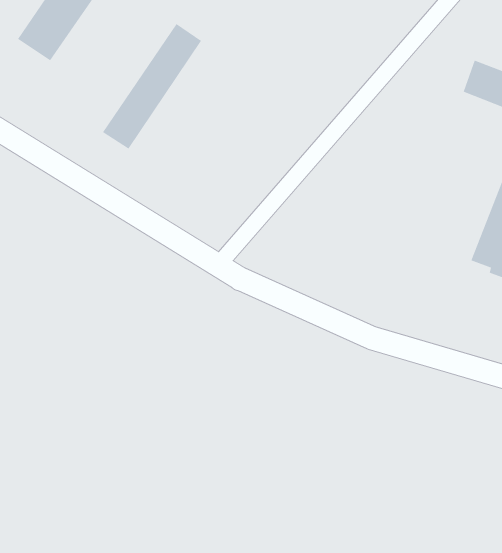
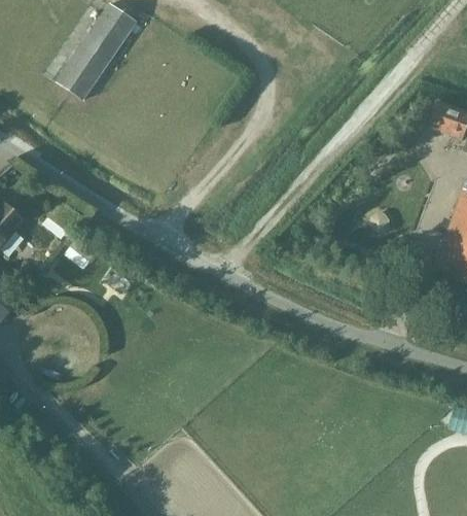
building: [102,23,202,149] -> none

